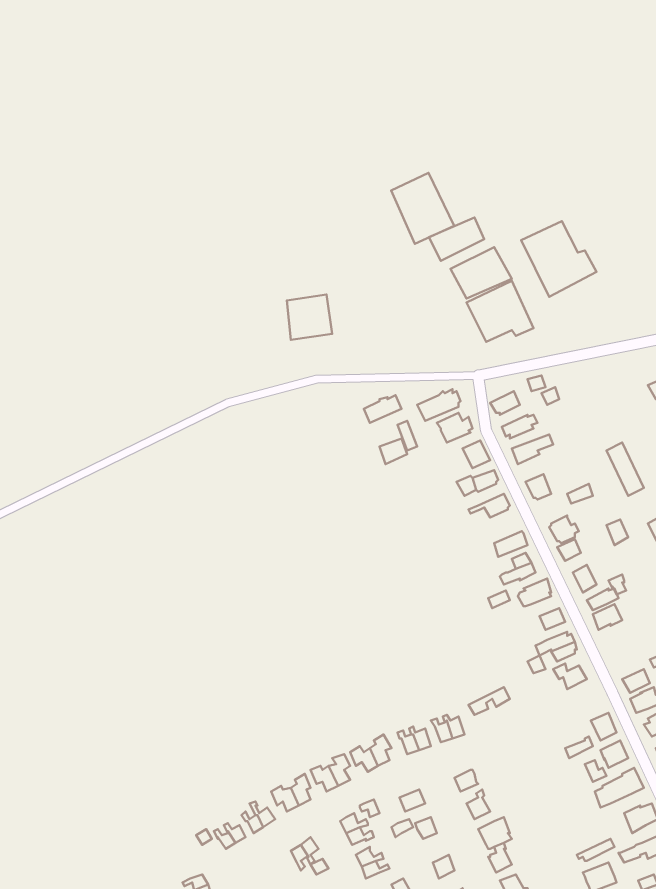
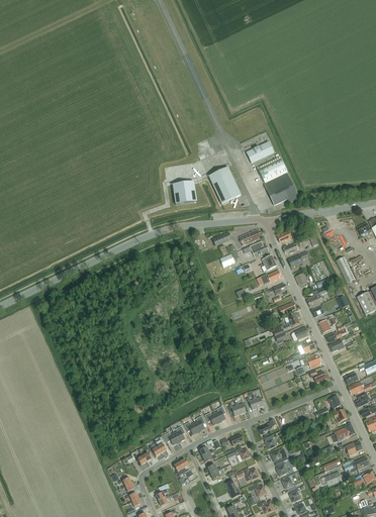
building: [391,173,454,244] -> [208,167,241,203]
building: [521,221,596,297] -> none

